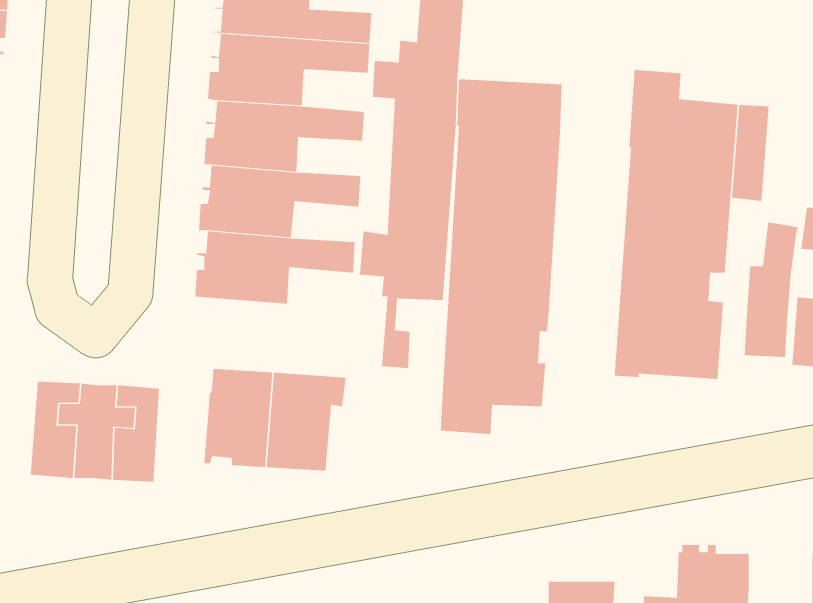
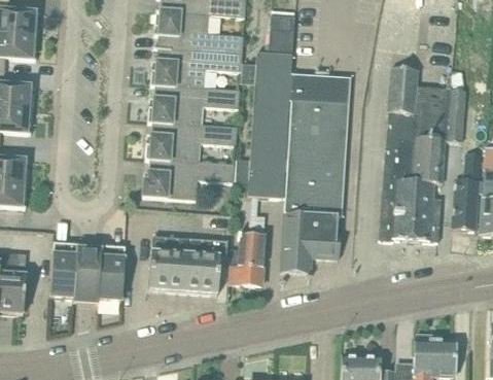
building: none -> [230,235,266,285]

